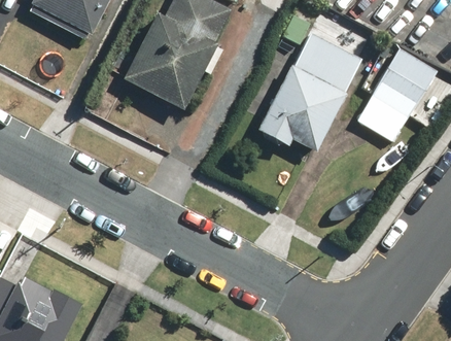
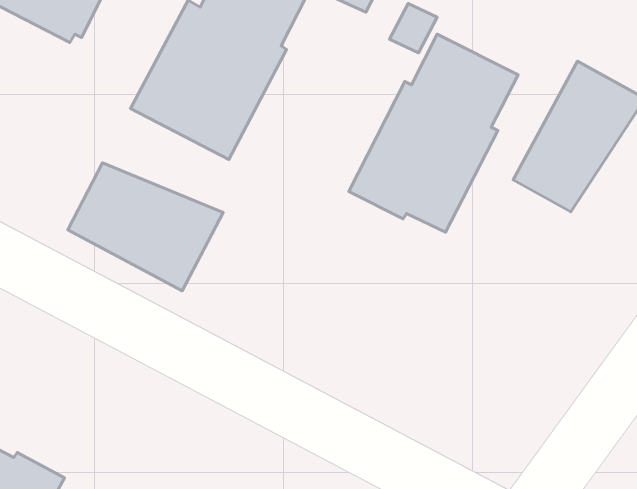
building: none -> [68,163,223,291]

